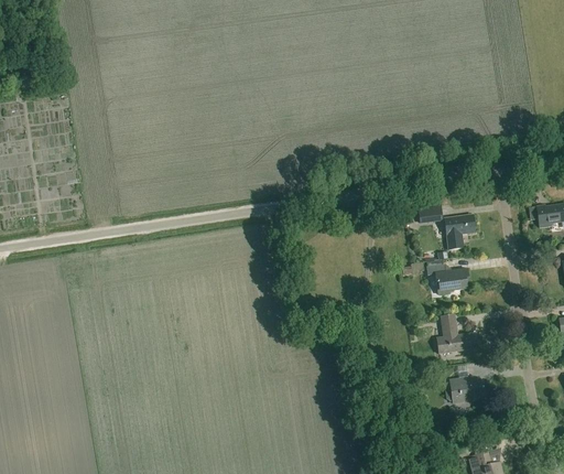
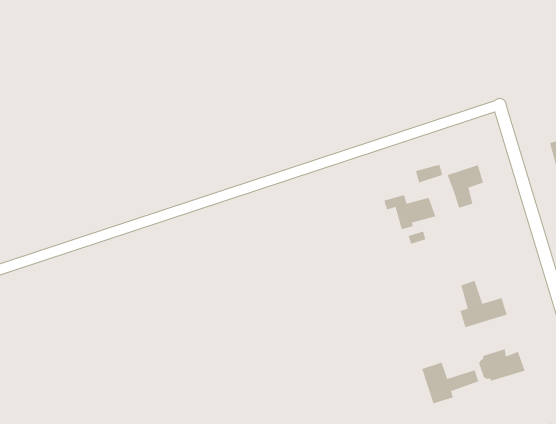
building: [426,265,469,294] -> [384,195,436,230]
building: none -> [422,362,479,404]

